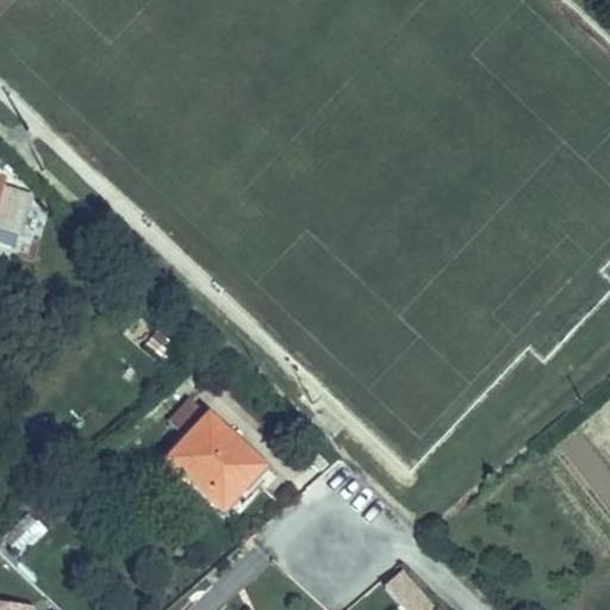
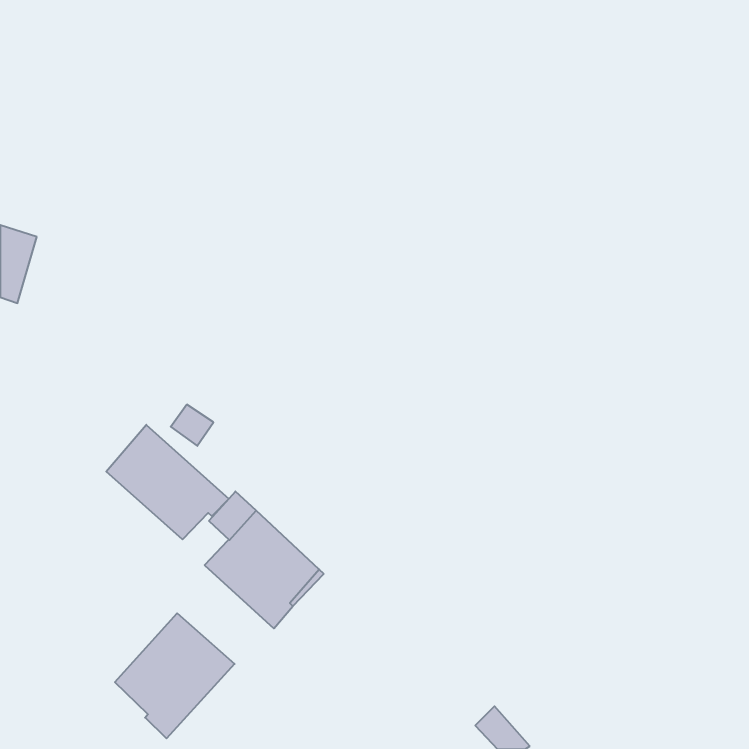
building: none -> [106,425,229,539]
building: none -> [115,613,235,738]

